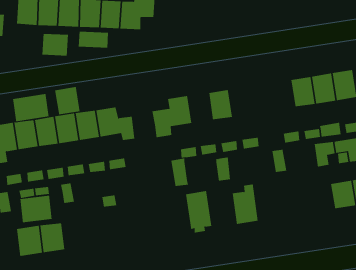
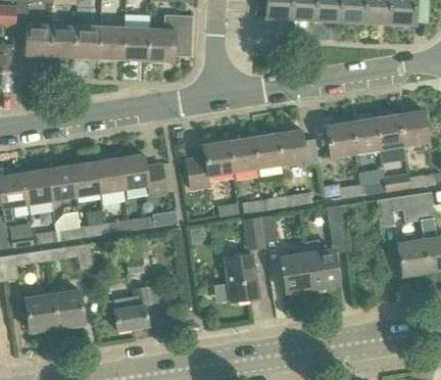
building: [78,31,109,48] -> none
building: [42,33,68,56] -> none
building: none -> [325,123,354,158]
building: none -> [276,130,317,167]
building: [54,86,80,115] -> none
building: none -> [228,138,256,174]
building: [12,93,49,122] -> none
building: [171,158,189,187] -> [243,216,264,249]
building: none -> [304,238,340,289]
building: [20,195,52,223] -> none
building: none -> [113,286,160,330]

